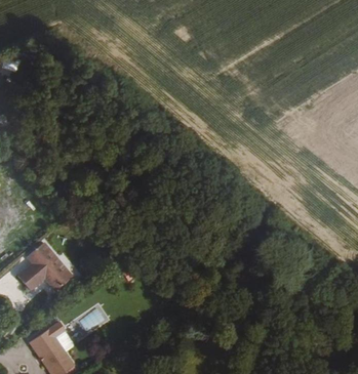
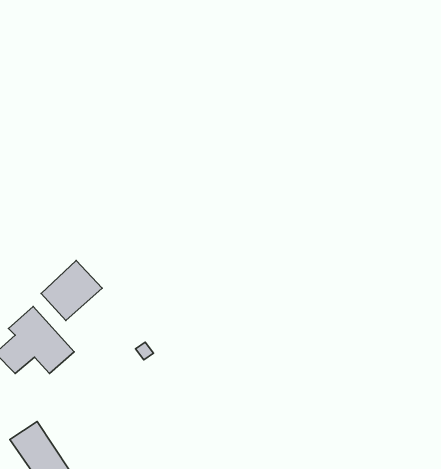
building: none -> [41,260,102,321]

